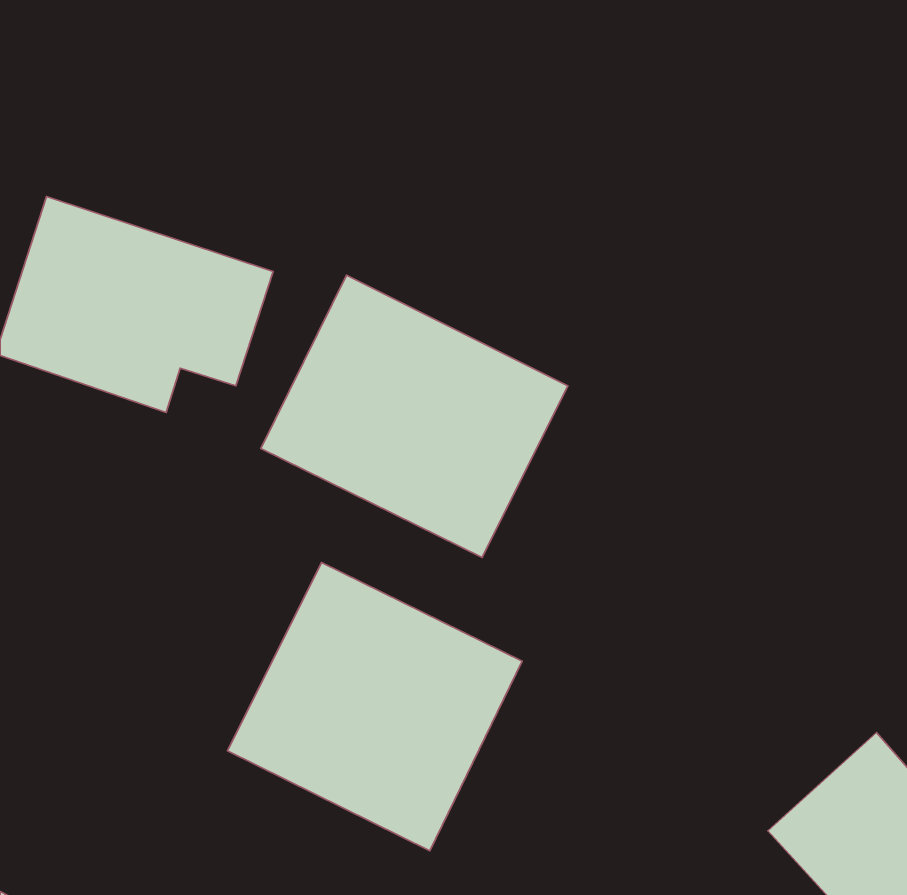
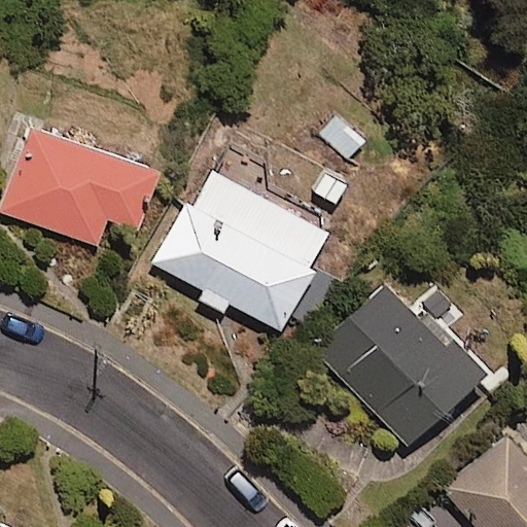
building: none -> [314,280,482,447]
building: [228,563,522,851] -> none

